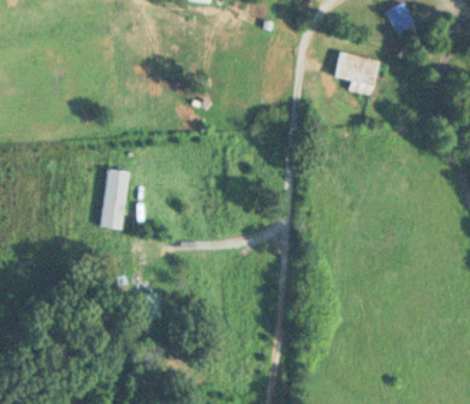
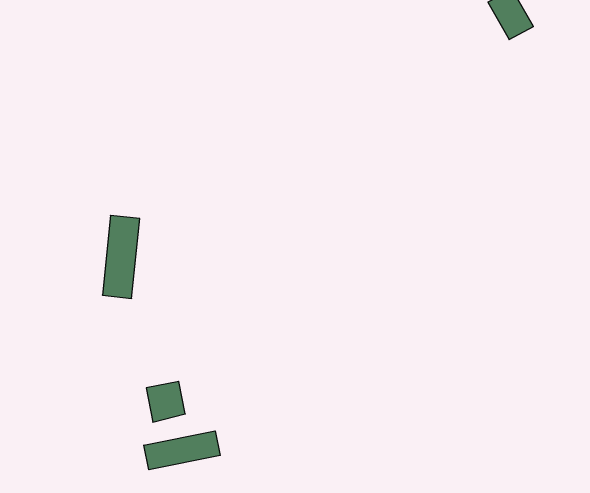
building: [333,50,377,95] -> none
building: none -> [144,431,220,470]

